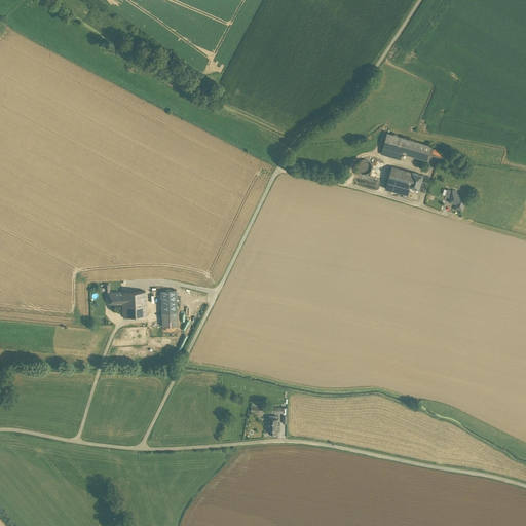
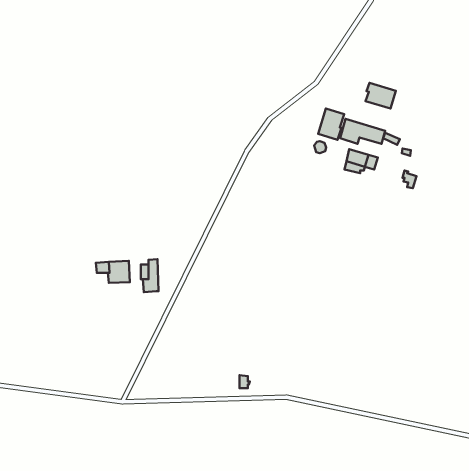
building: none -> [365,83,396,109]
building: none -> [318,109,344,140]

